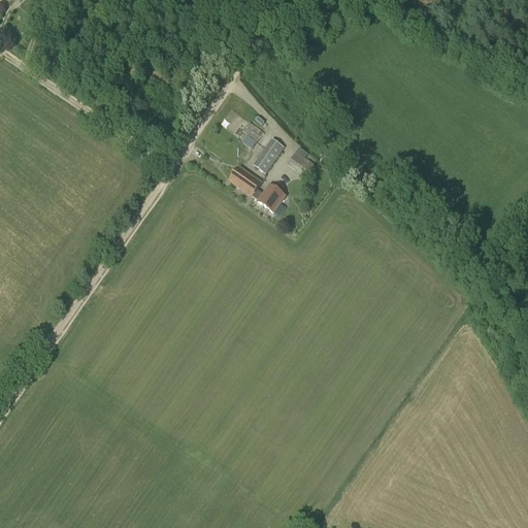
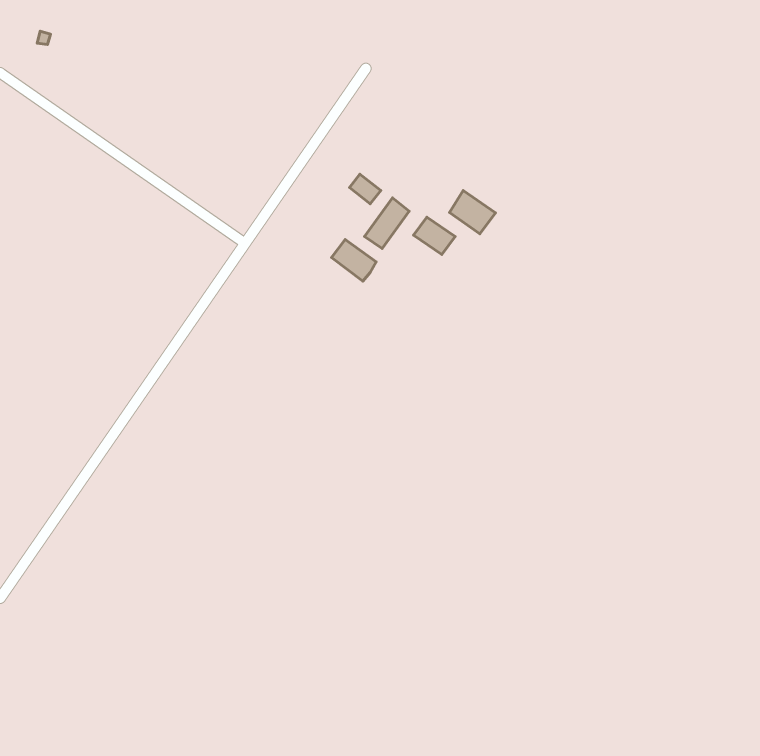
building: none -> [449,191,495,234]
building: [252,183,286,211] -> none

